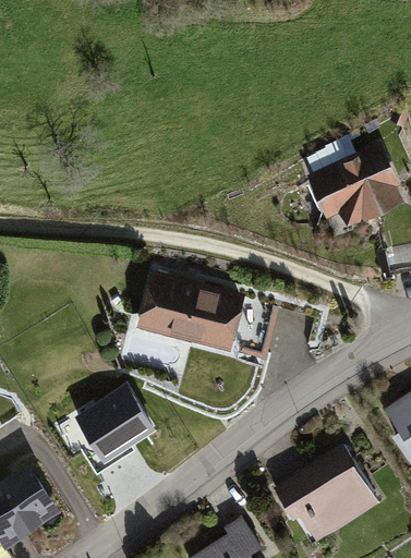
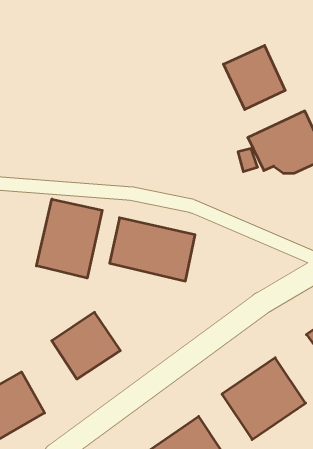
building: none -> [223,45,285,110]
building: none -> [36,199,102,278]

